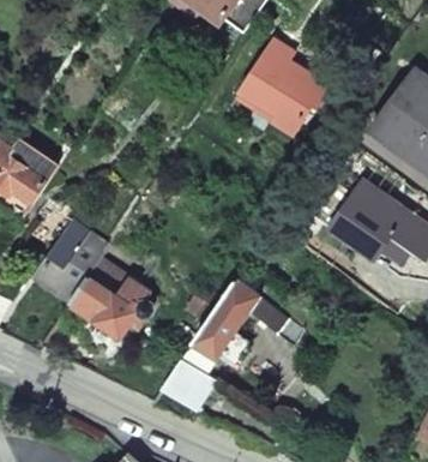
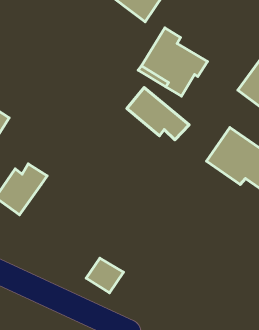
building: none -> [127,88,189,140]
building: [70,258,150,335] -> none
building: [194,282,301,367] -> none

